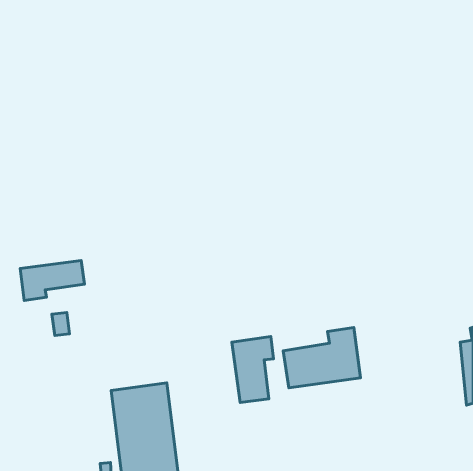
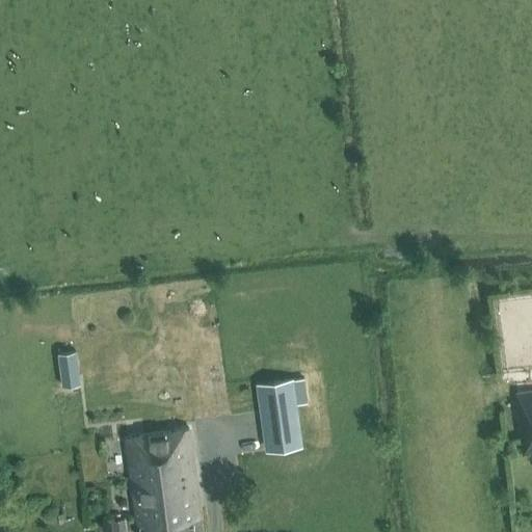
building: [20,261,85,300] -> none
building: [283,327,361,388] -> none

